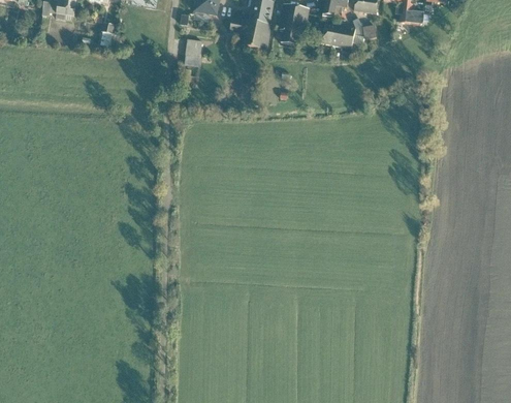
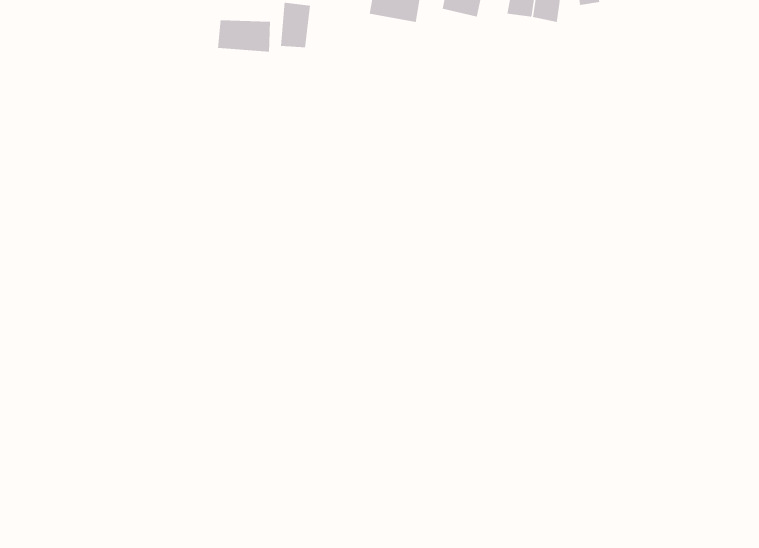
building: none -> [218,19,270,52]

